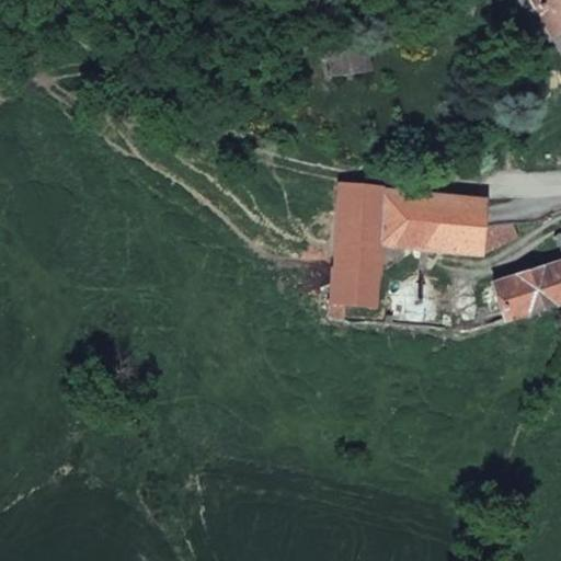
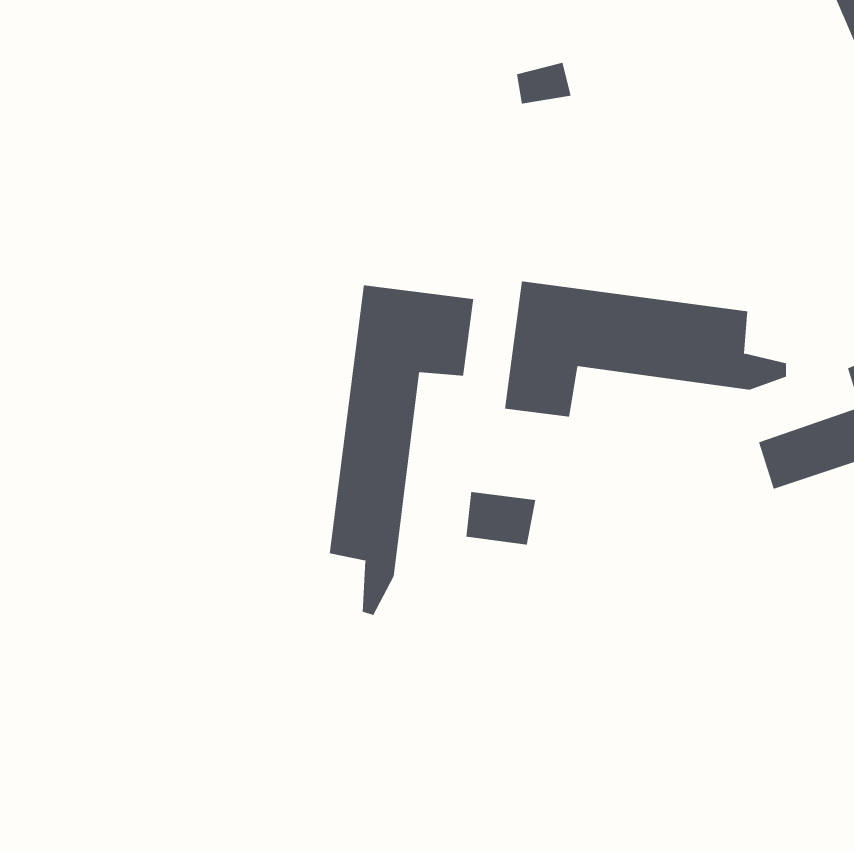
building: none -> [329,284,474,616]
building: [329,266,375,301] -> [465,491,536,545]

